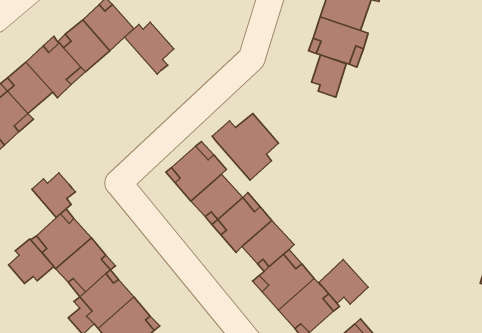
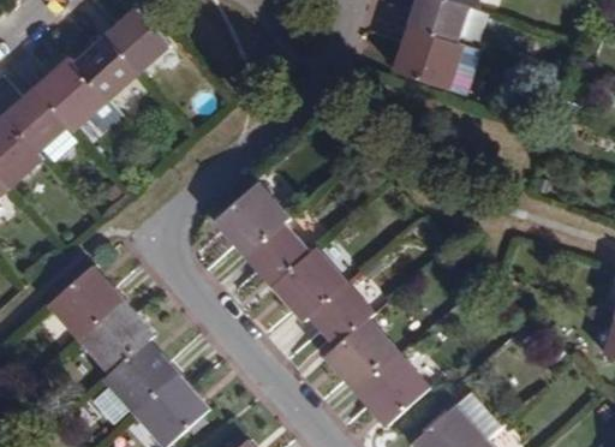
building: [125,22,174,74] -> none
building: [312,55,346,97] -> none
building: [212,114,278,180] -> none
building: [32,173,75,217] -> none
building: [8,239,54,283] -> none
building: [319,259,368,304] -> none

